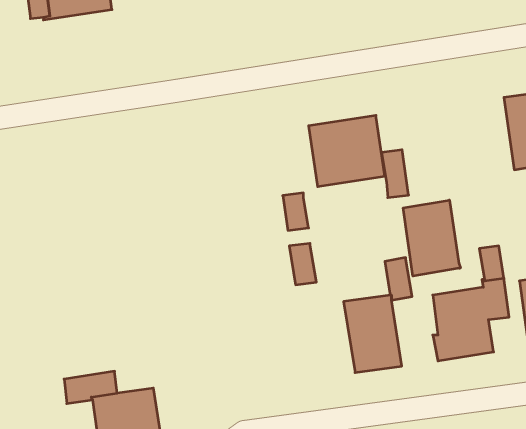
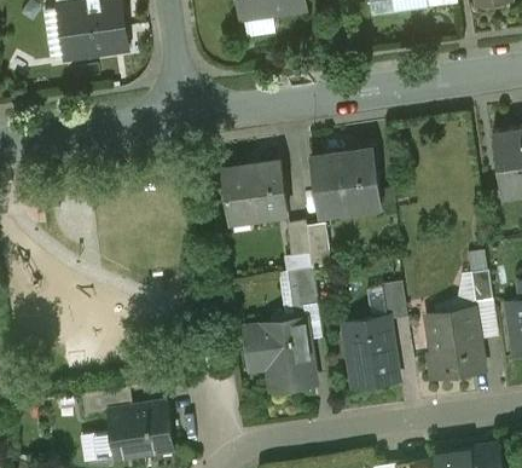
building: none -> [222,162,288,221]
building: [381,150,409,198] -> [306,224,331,268]
building: [403,200,460,276] -> none
building: none -> [243,318,314,392]

